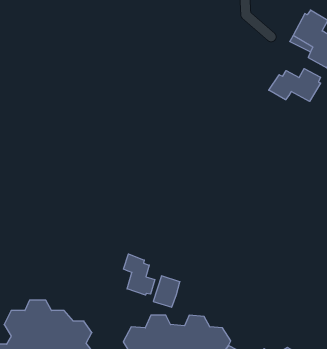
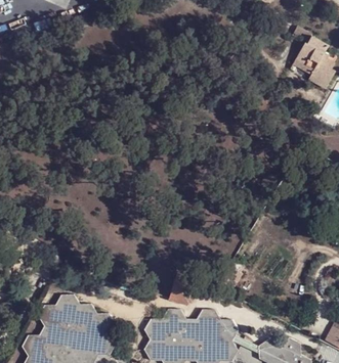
building: [269,69,321,101] -> none
building: [124,254,155,295] -> none

